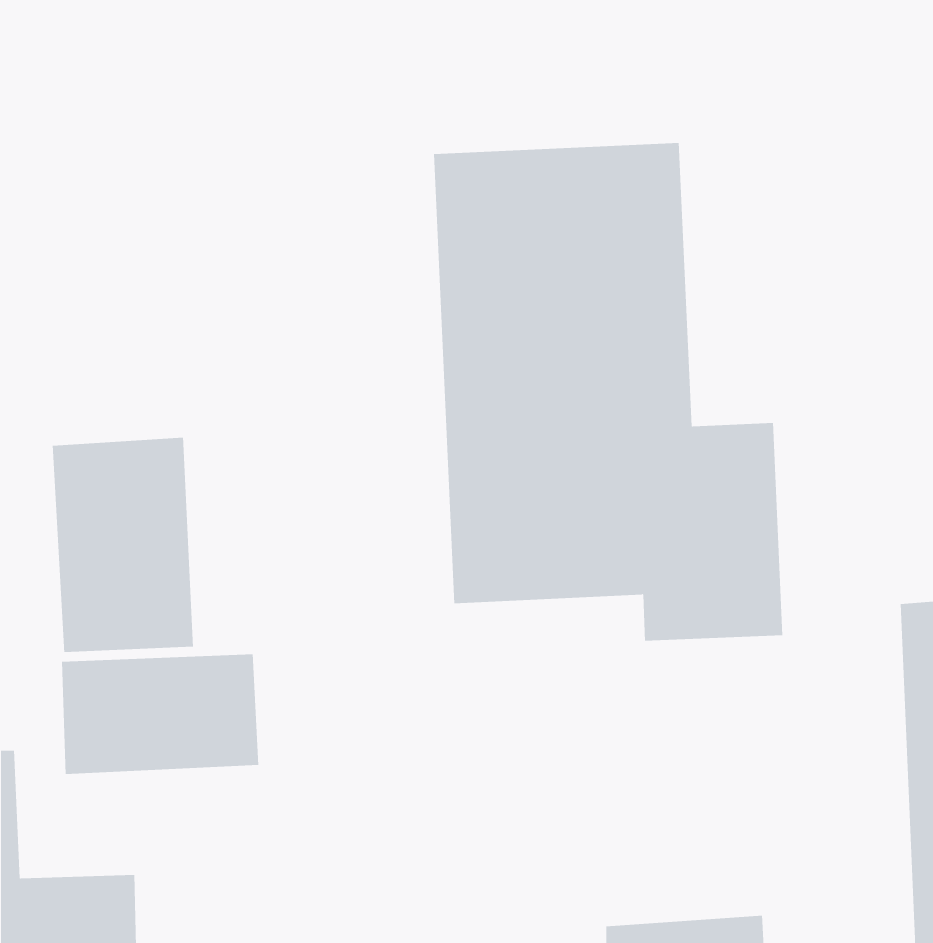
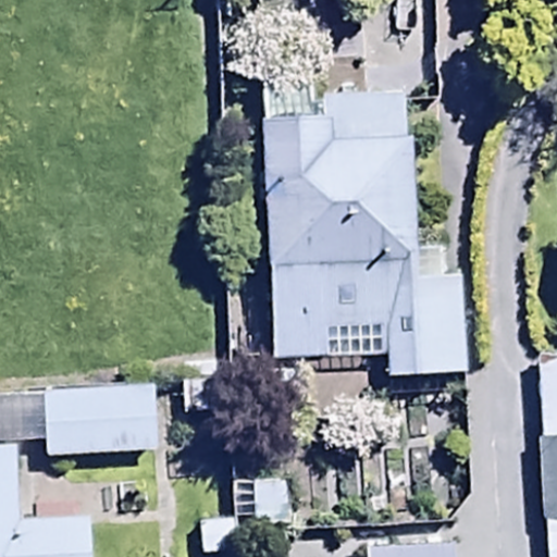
building: [52,437,194,653] -> none

